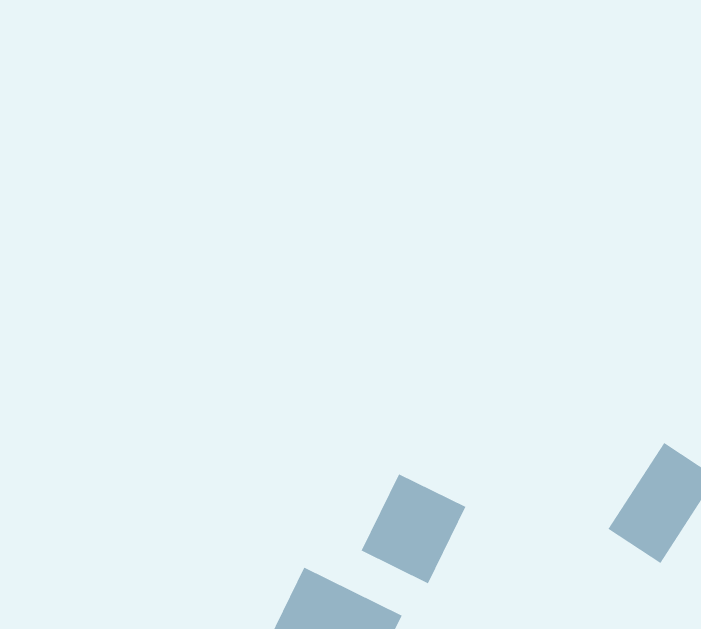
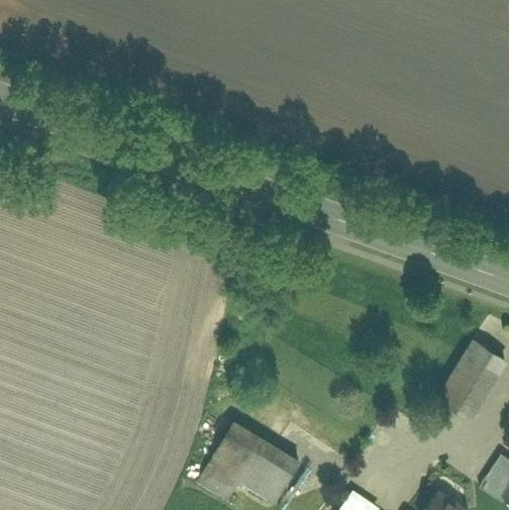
building: [361,473,466,584] -> none

